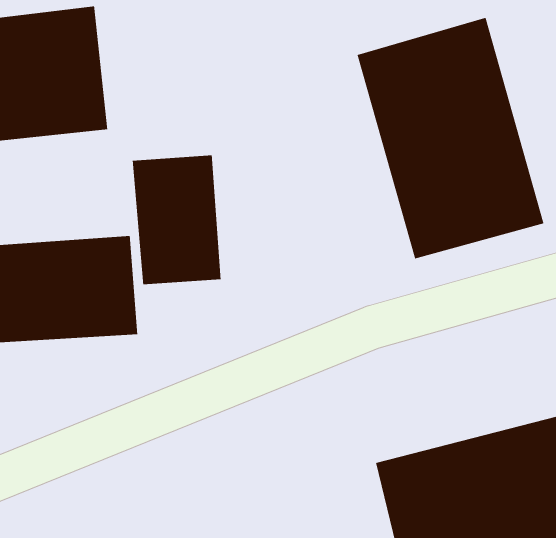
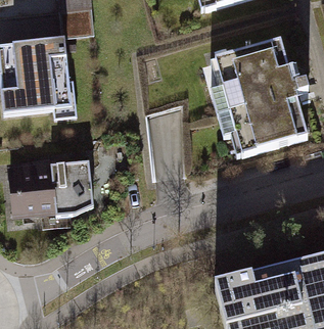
building: [132,155,222,285] -> none

